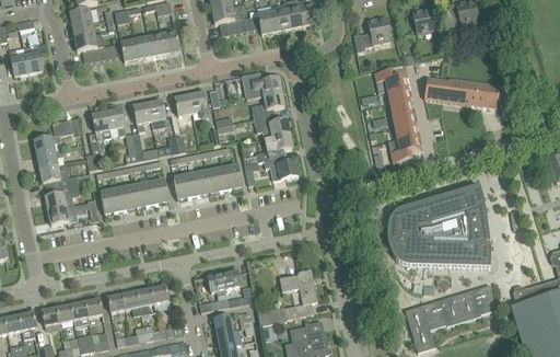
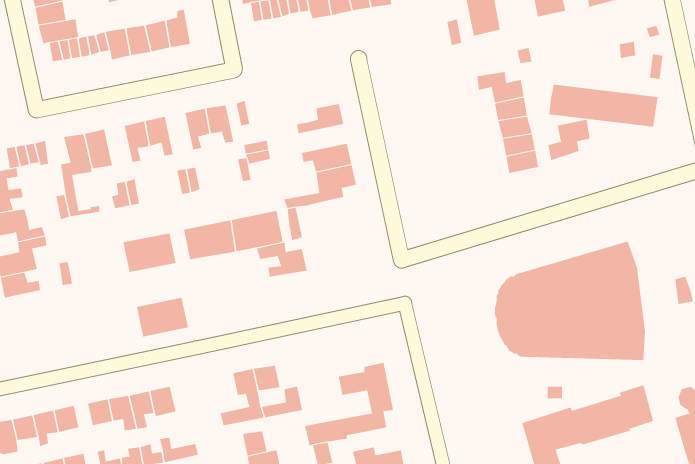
building: [242,71,280,97] -> none
building: [389,135,419,163] -> [547,119,591,161]
building: [262,156,298,180] -> [256,242,307,277]
building: [100,186,136,214] -> [136,297,189,337]

